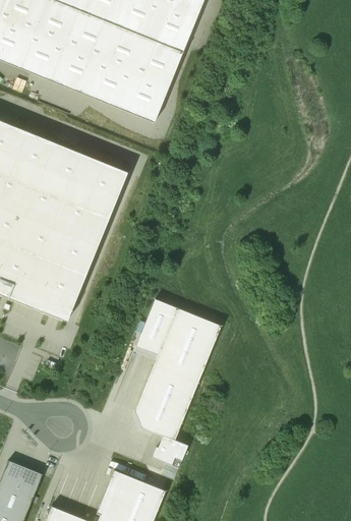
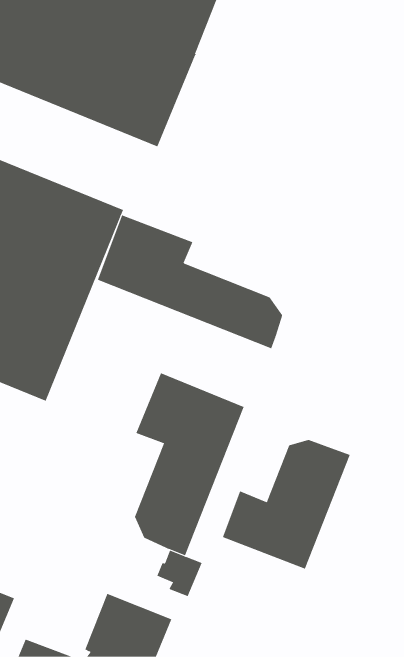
building: none -> [97,215,283,349]
building: none -> [222,439,351,569]

